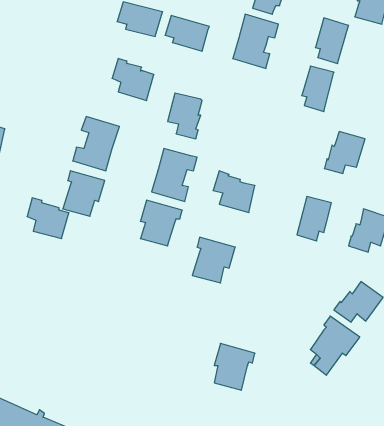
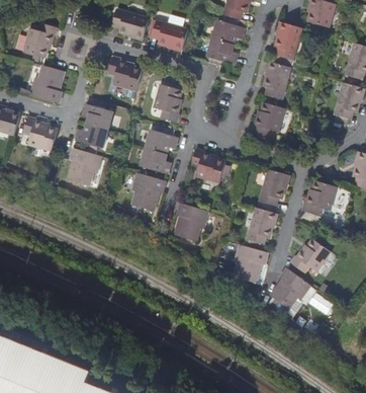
building: none -> [23,22,57,57]
building: none -> [29,65,64,102]
building: [324,132,365,173] -> [251,102,284,137]
building: [27,198,69,239] -> [22,116,57,150]
building: none -> [247,208,275,244]
building: [214,343,255,390] -> [234,244,267,283]

